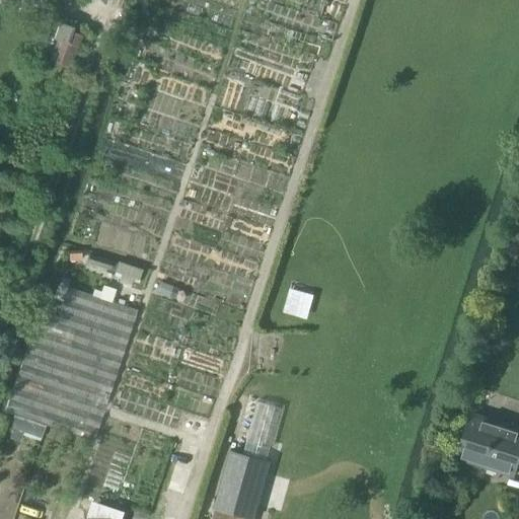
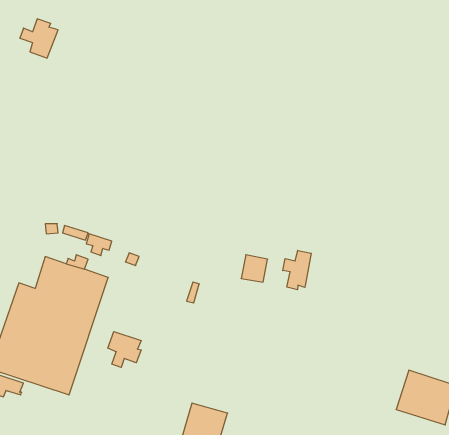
building: none -> [283,250,311,290]
building: none -> [108,332,141,367]
building: [247,399,282,455] -> none

